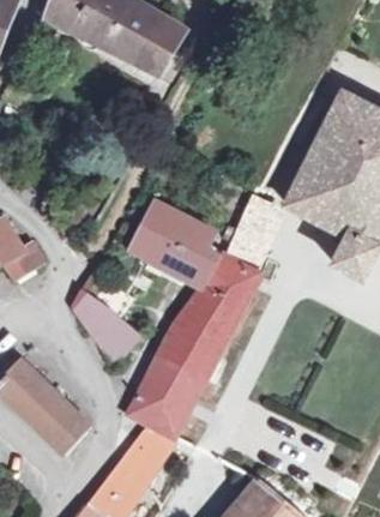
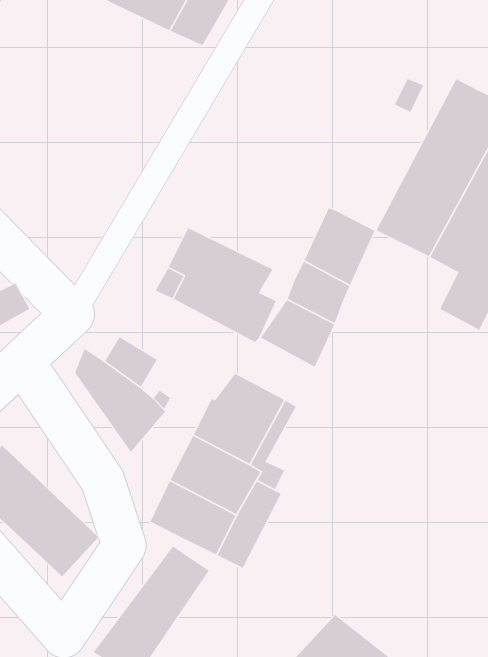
building: [186,283,243,332] -> none

